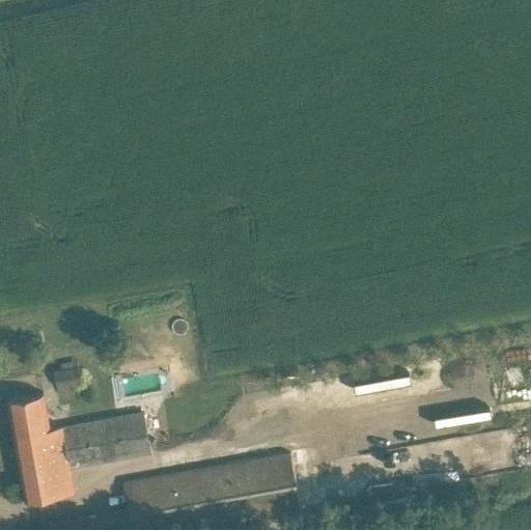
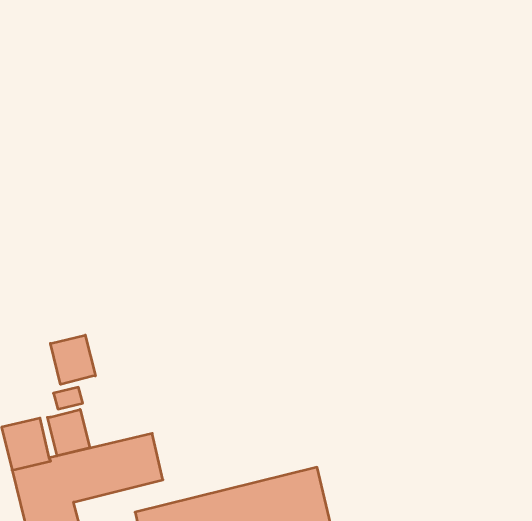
building: none -> [50,335,95,384]
building: none -> [47,409,90,456]

